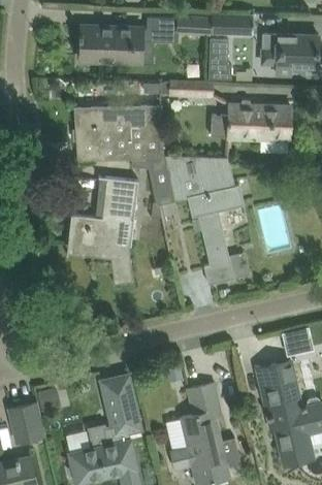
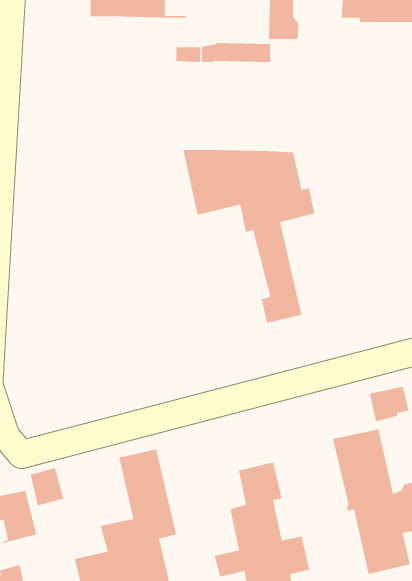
building: [211,104,290,141] -> none
building: [75,105,164,162] -> none
building: [67,175,137,284] -> none

